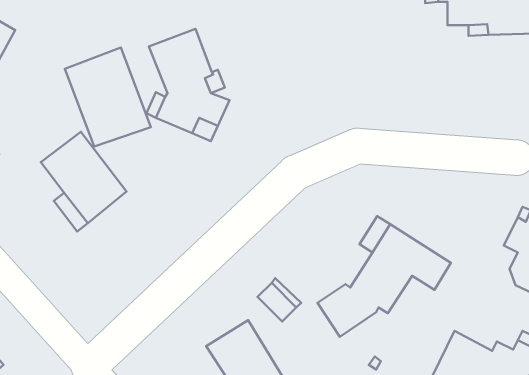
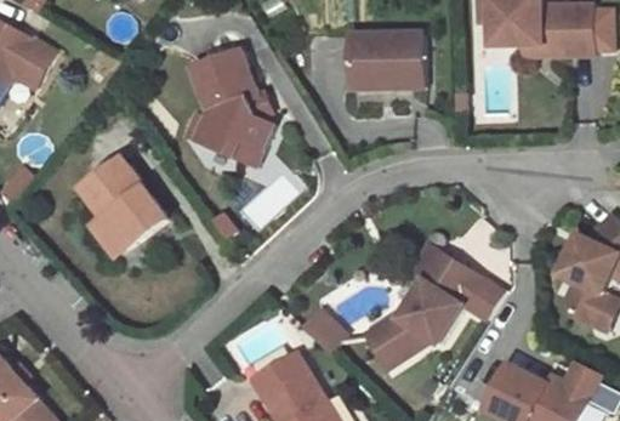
building: none -> [348,32,423,89]
building: [65,48,151,146] -> none

